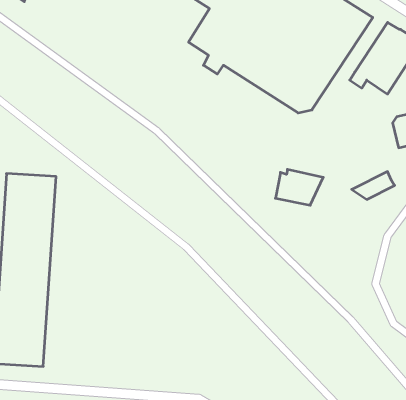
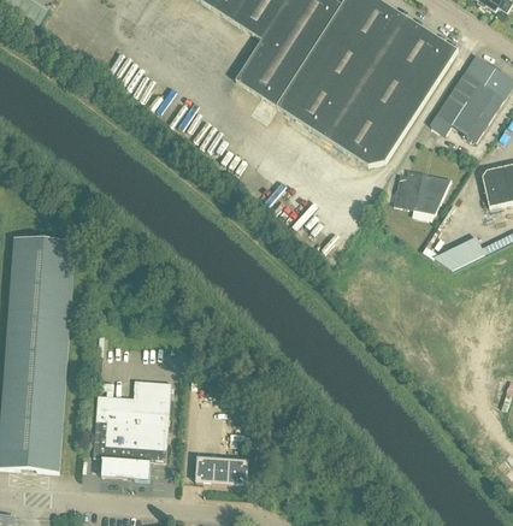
building: [275,169,323,205] -> [393,169,450,212]
building: none -> [93,379,171,479]
building: none -> [195,455,248,484]

